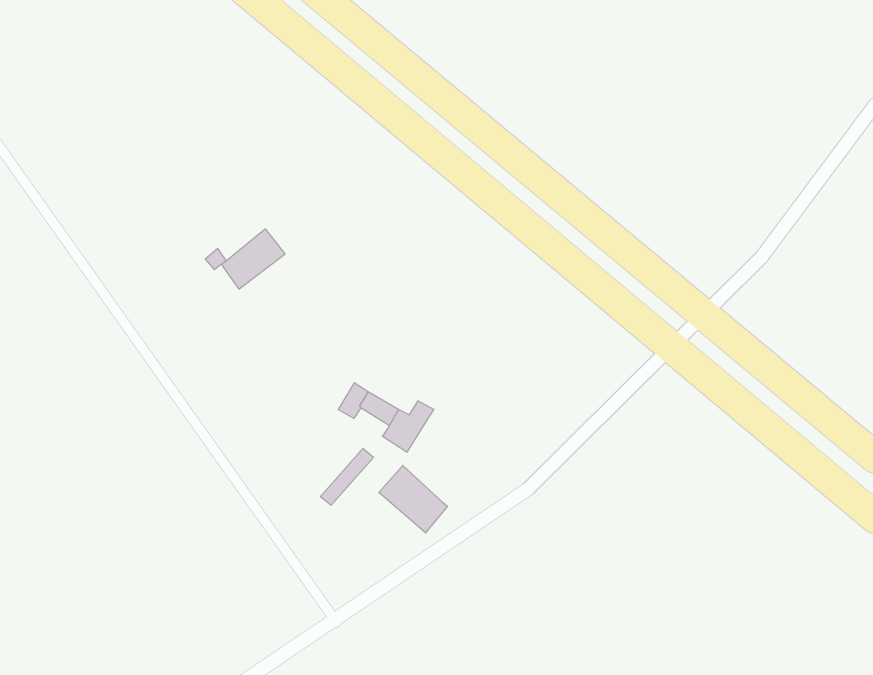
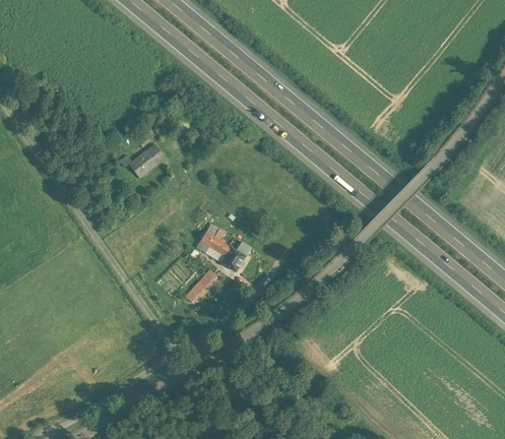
building: [379,465,448,533] -> none

